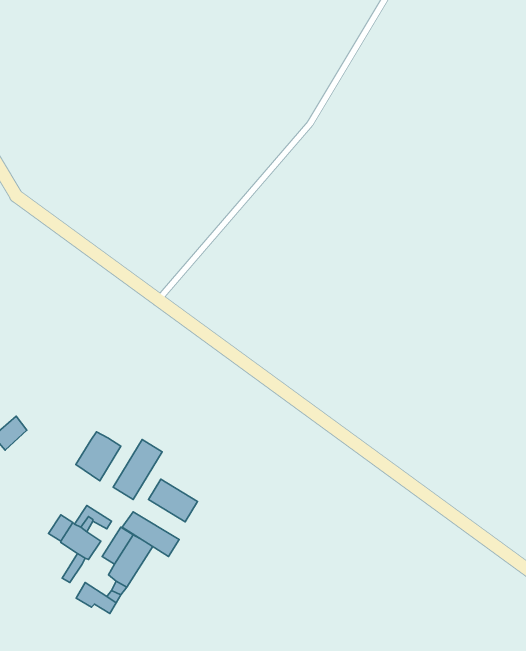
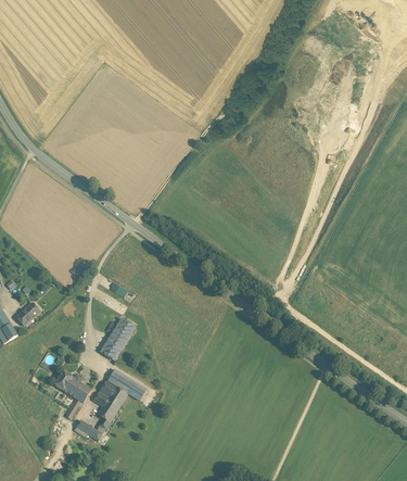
building: [76,432,121,481] -> none
building: [148,479,197,522] -> none

